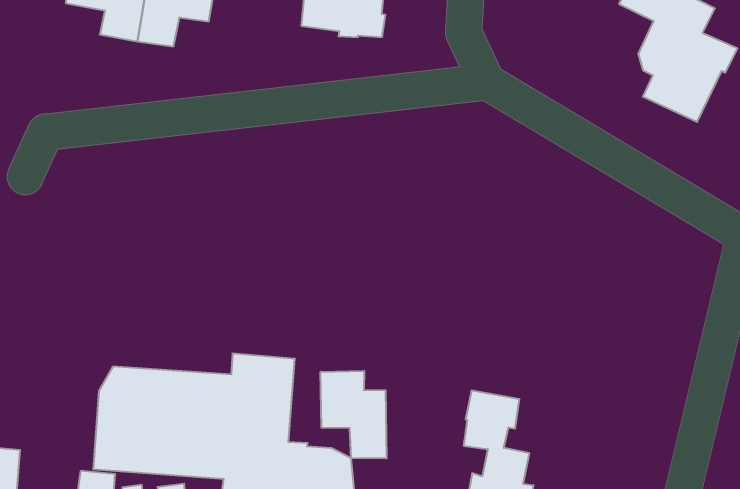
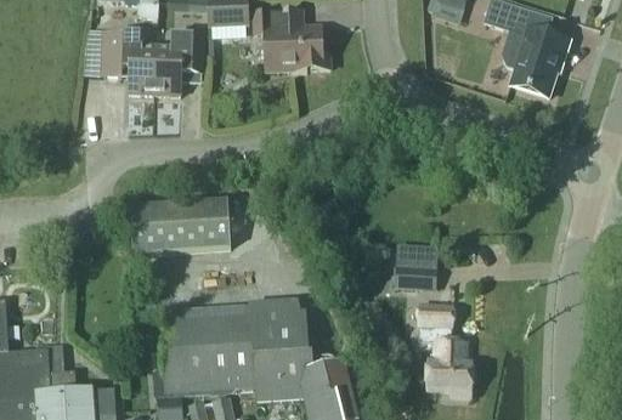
building: none -> [130,205,230,256]
building: none -> [395,260,437,290]
building: [321,371,386,459] -> none

